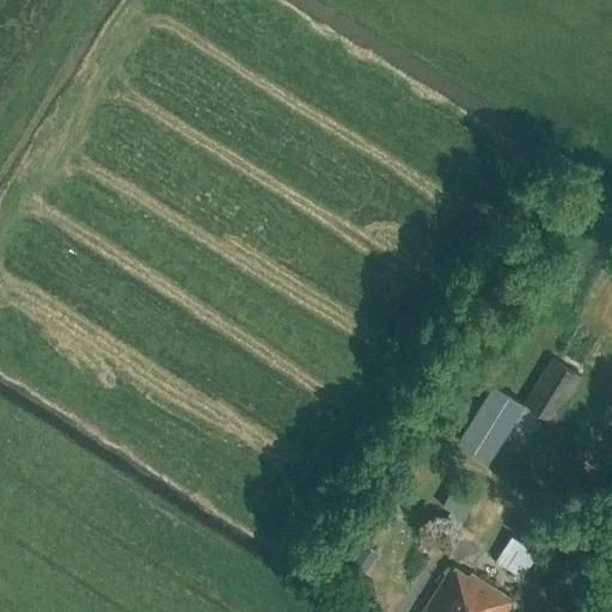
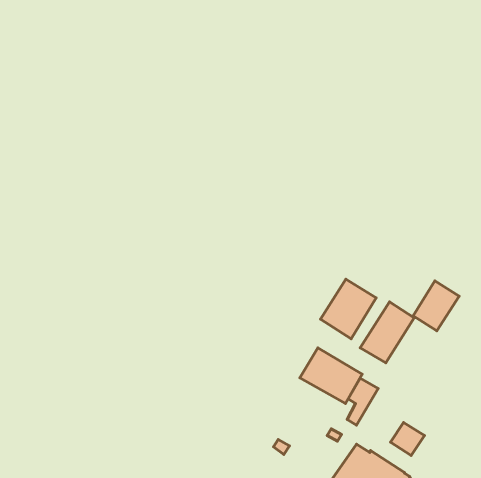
building: none -> [321,279,376,339]
building: none -> [300,348,362,403]

